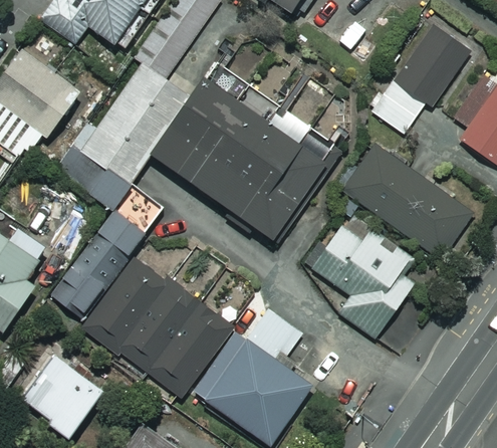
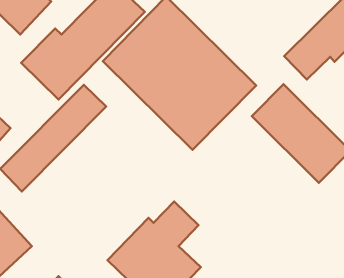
building: [306,209,426,338] -> none
building: [83,260,229,400] -> none

